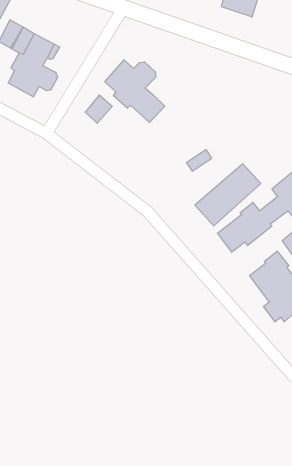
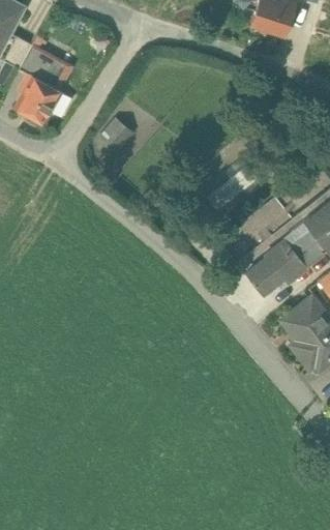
building: [105,60,165,122] -> none

